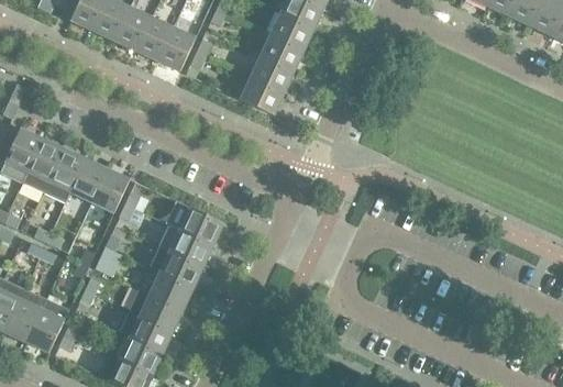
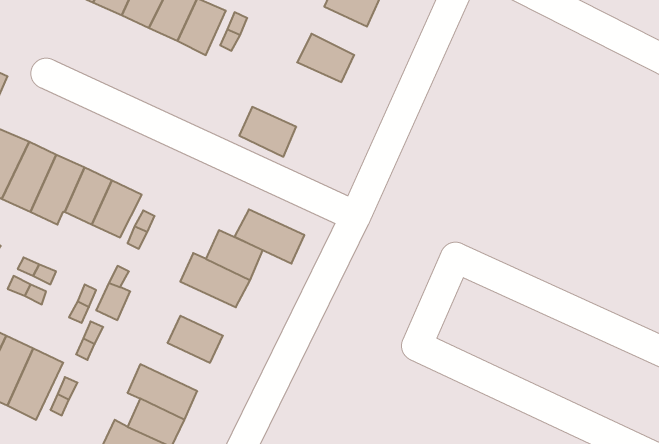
building: [261,34,303,71] -> none
building: [240,77,284,115] -> [239,107,296,157]
building: [148,246,202,288] -> [235,209,304,264]
building: [129,289,183,331] -> none

